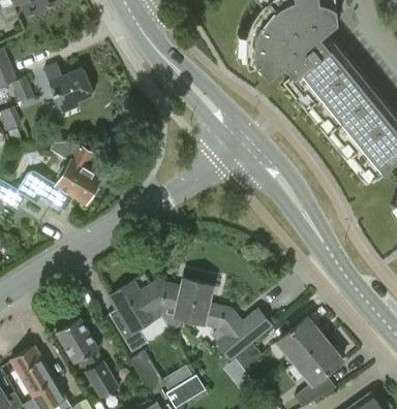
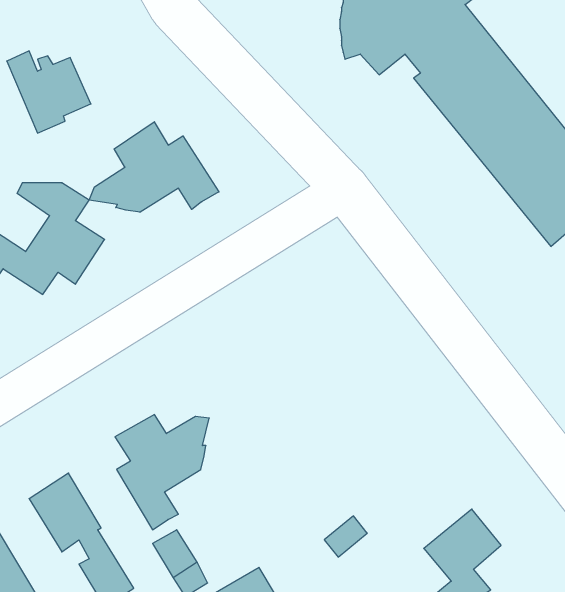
building: none -> [89,122,219,212]
building: [162,279,271,358] -> none
building: [278,319,325,364] -> none

